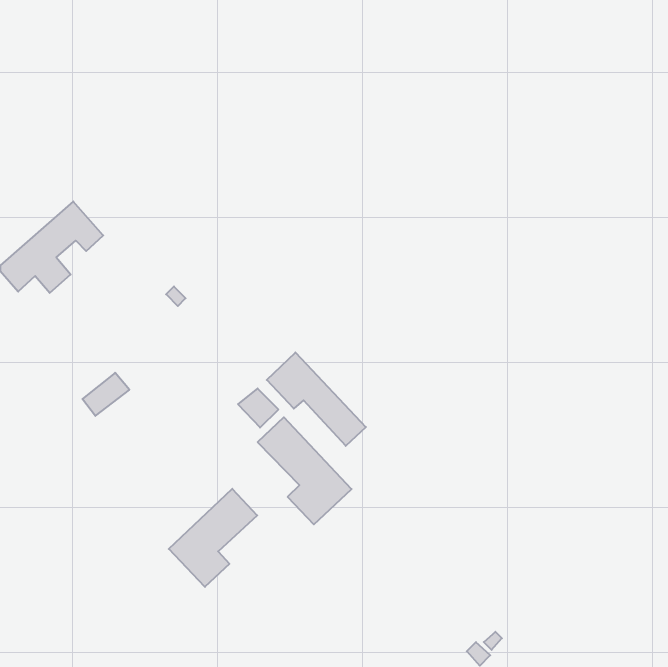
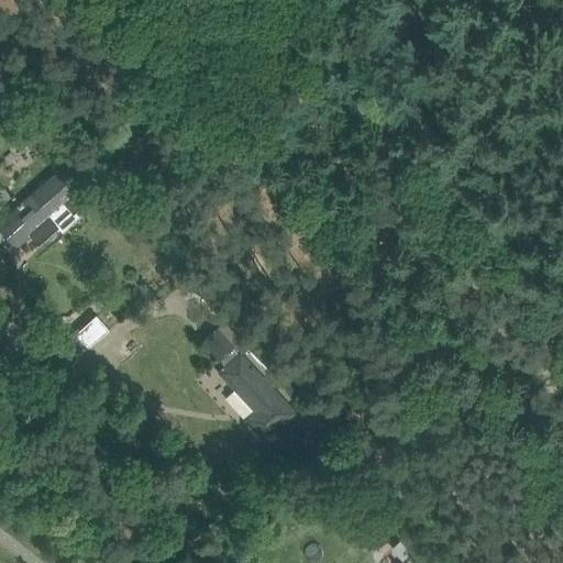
building: [267,352,366,446] -> none
building: [169,489,257,587] -> none

